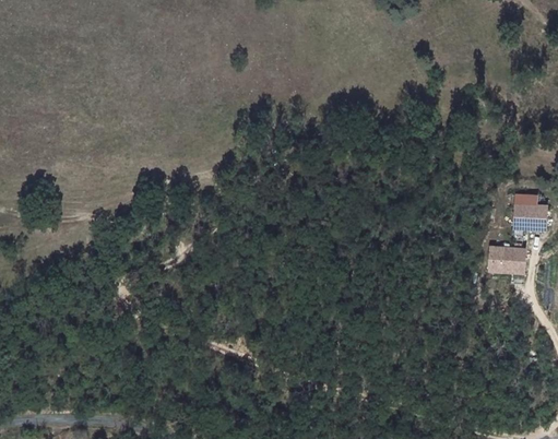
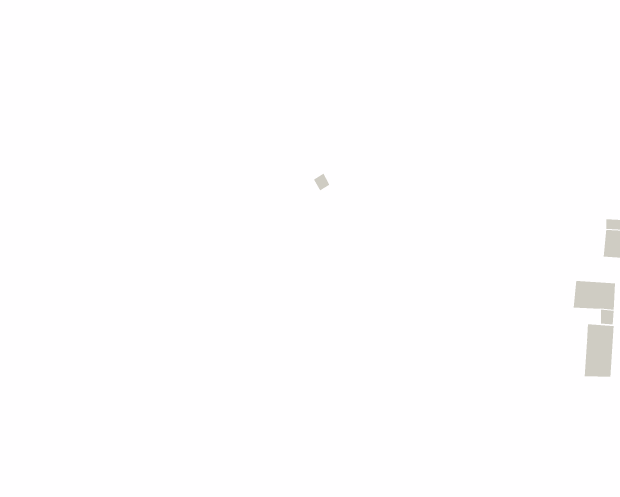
building: none -> [584,323,614,377]

